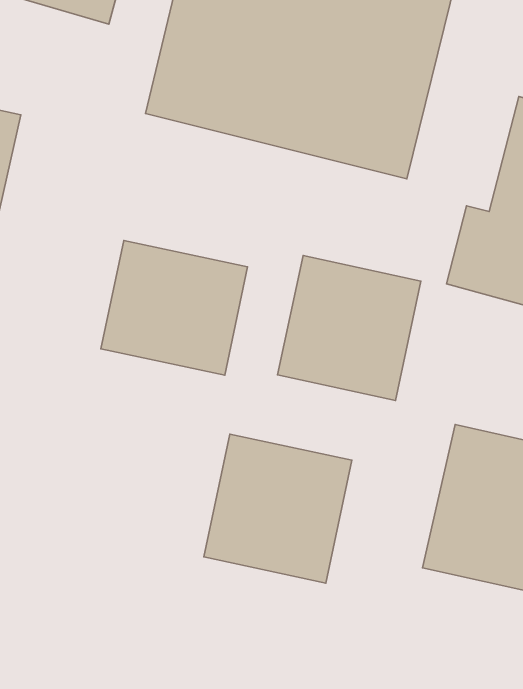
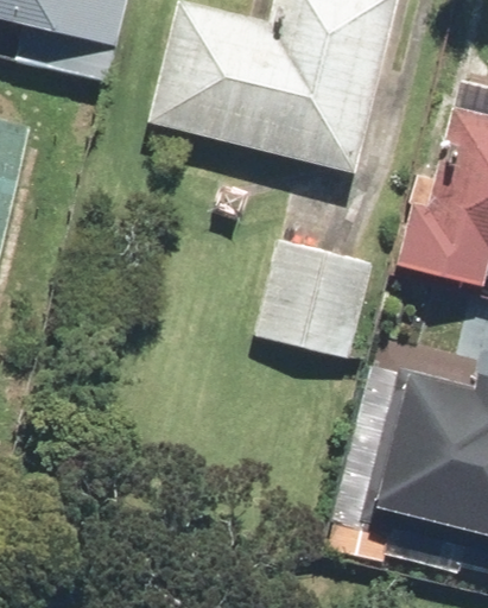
building: [101,240,248,375] -> none
building: [204,434,352,583] -> none

